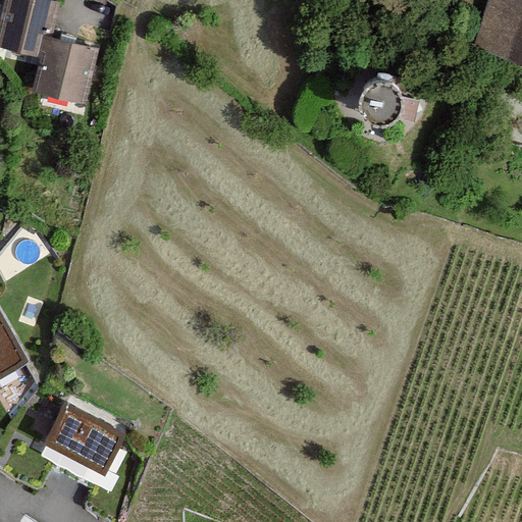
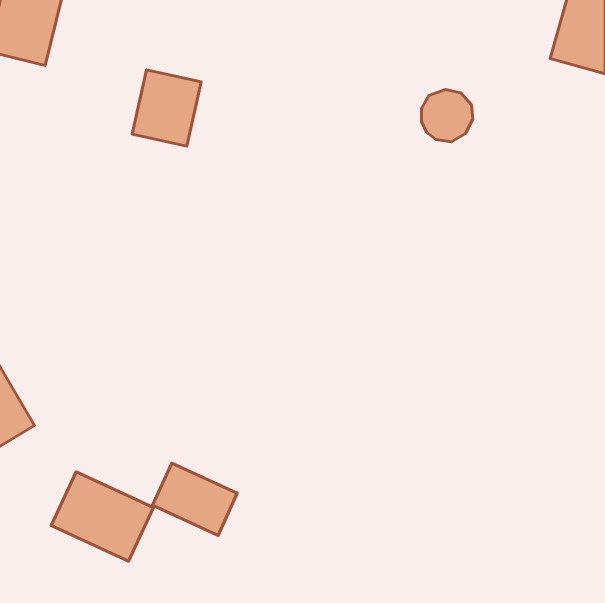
building: [34,38,93,103] -> [132,70,201,146]
building: none -> [153,463,237,535]

